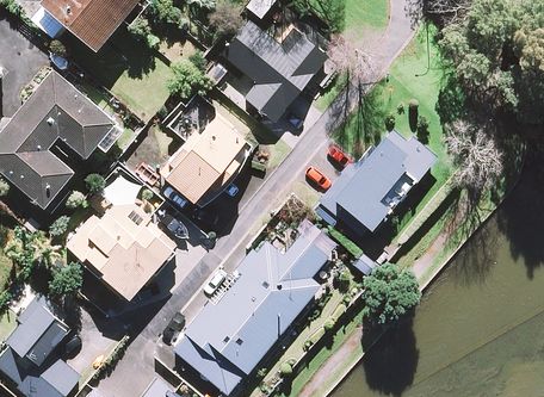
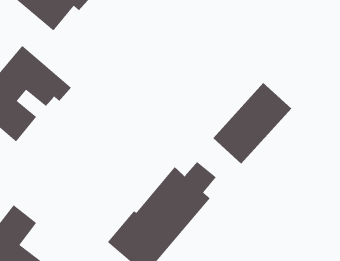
building: [223,24,326,123] -> none
building: [160,95,254,204] -> none
building: [64,200,173,300] -> none

